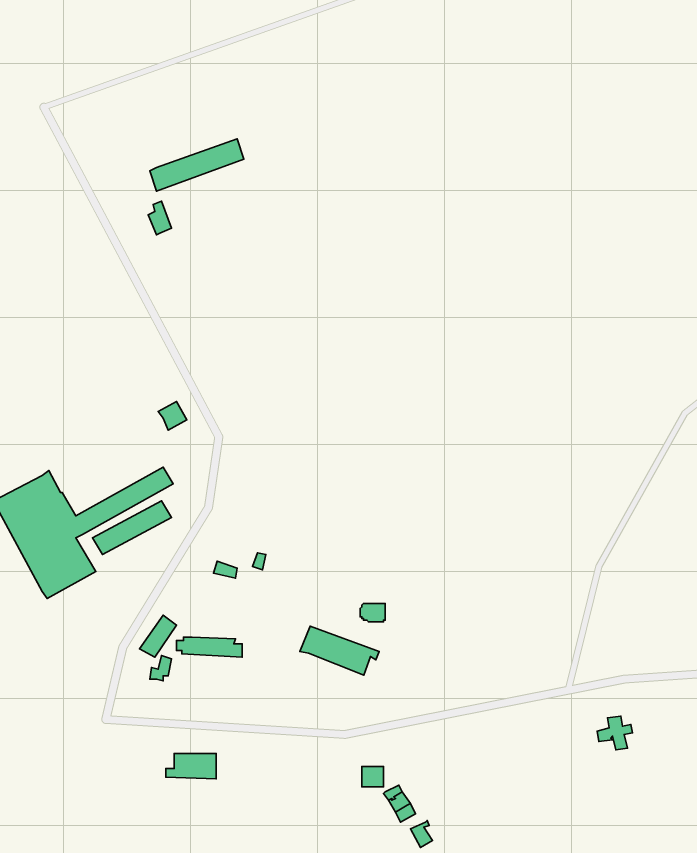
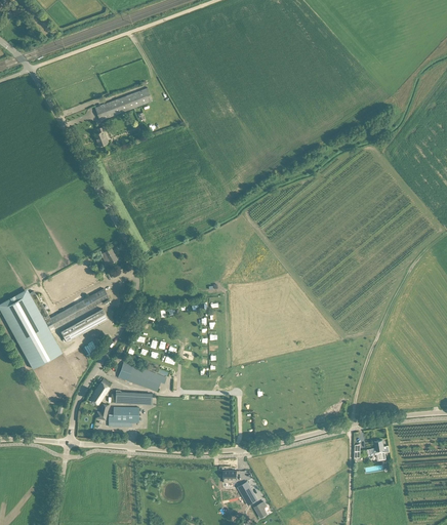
building: [300,626,379,675] -> [117,362,165,392]
building: [166,754,216,779] -> [108,407,138,422]

